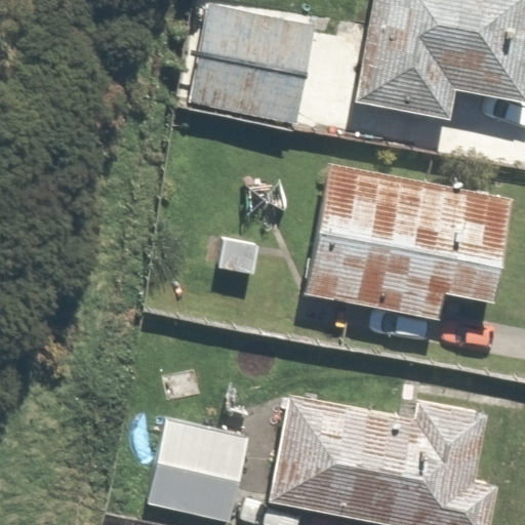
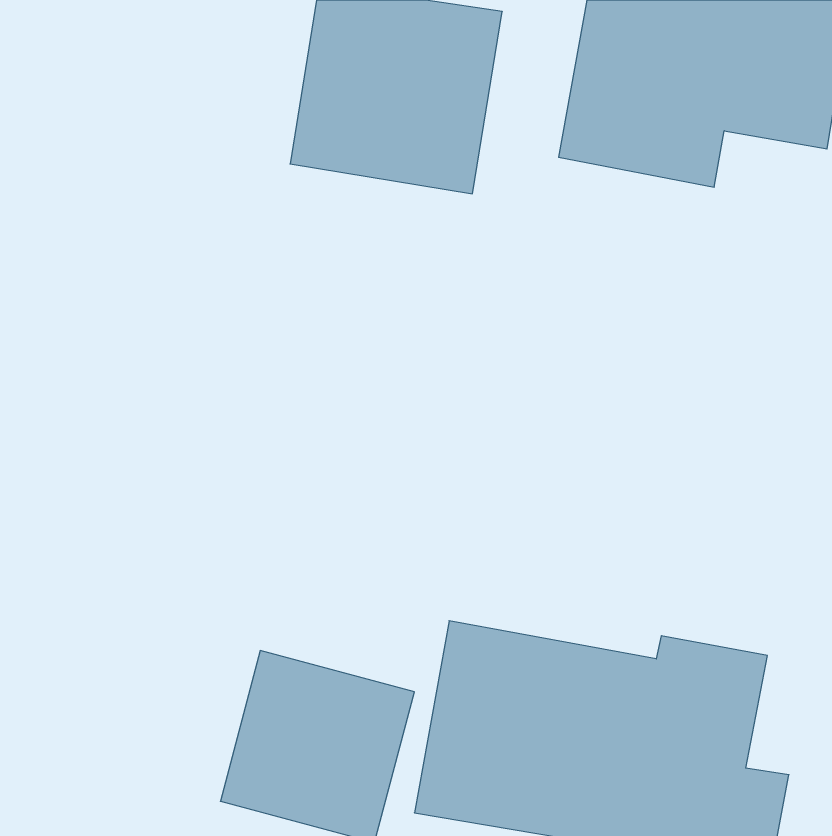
building: [308,170,506,319] -> none

